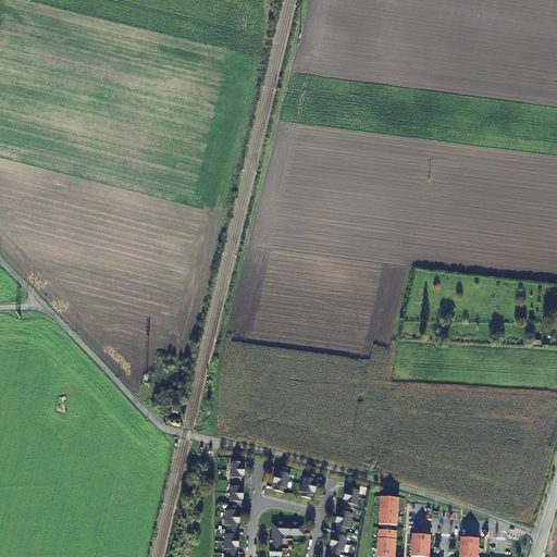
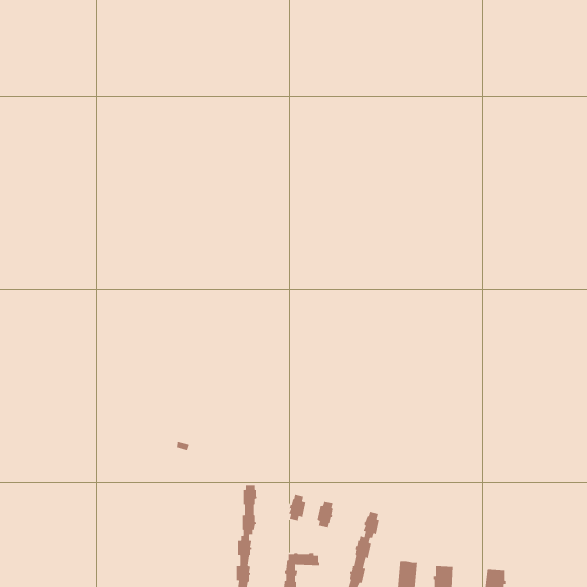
building: [379,497,398,527] -> none

